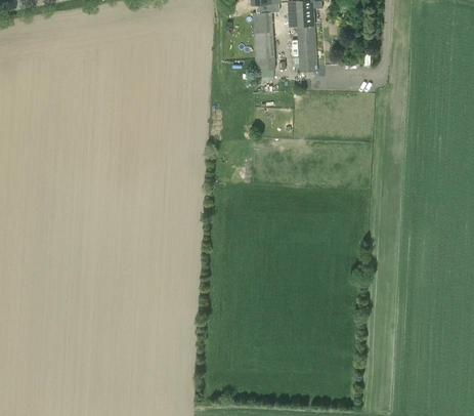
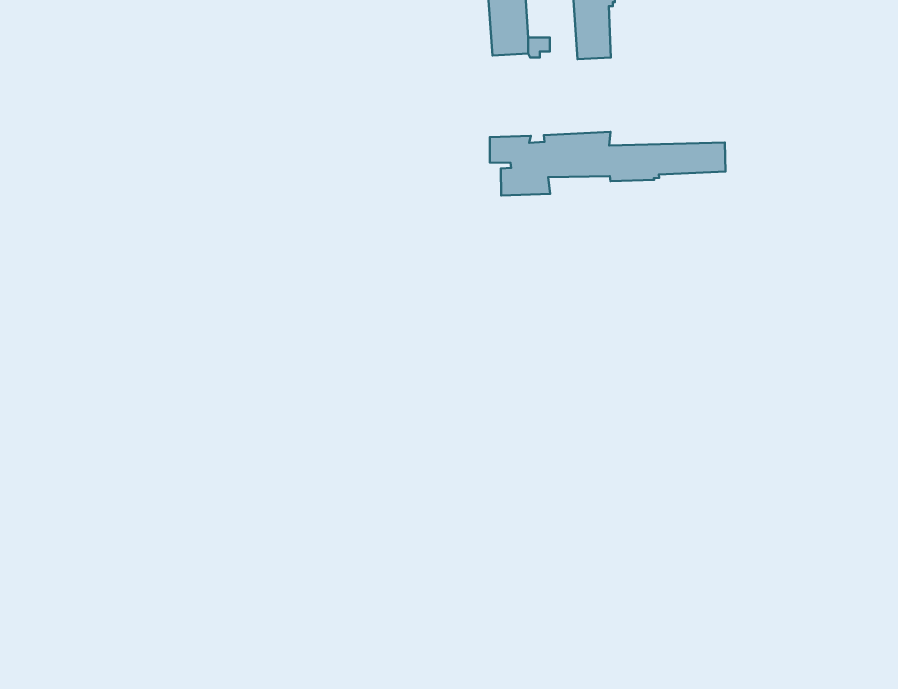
building: none -> [490,132,725,196]

